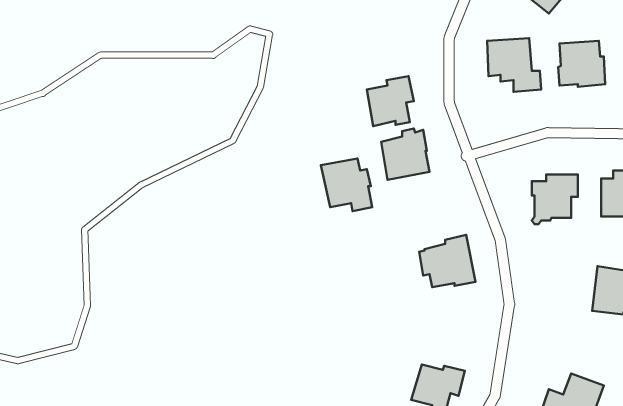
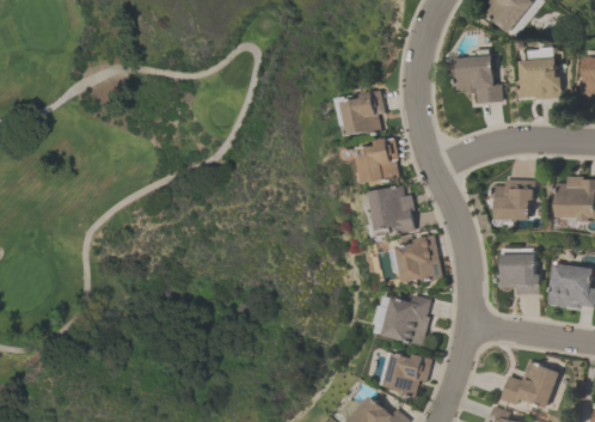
building: [321,159,372,211] -> [369,185,416,233]
building: none -> [498,253,540,294]
building: none -> [384,294,431,345]

